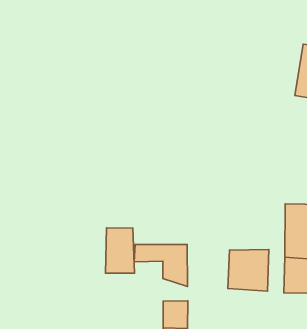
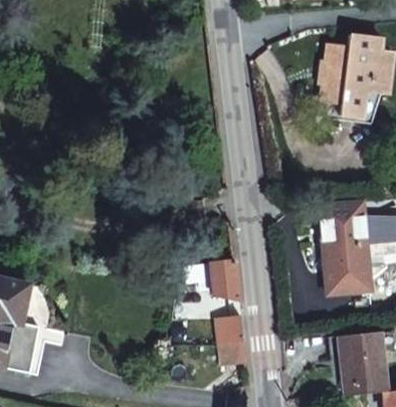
building: [105,228,134,273] -> none
building: [228,249,269,291] -> none

